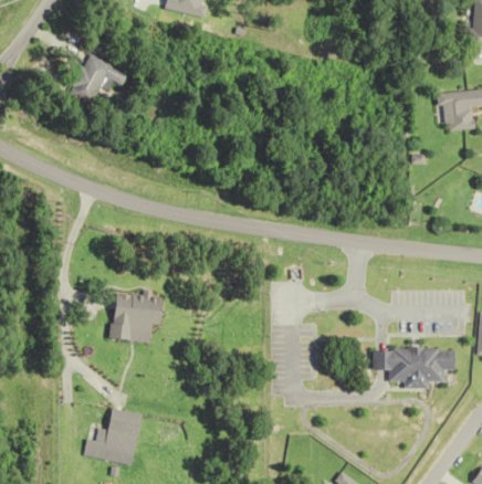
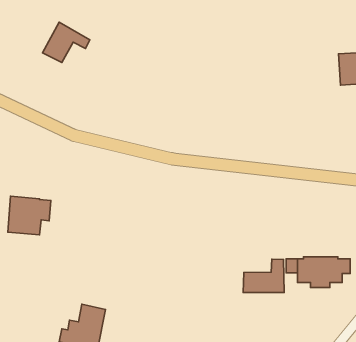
building: [112,293,166,341] -> [8,196,51,235]
building: none -> [243,259,284,293]

